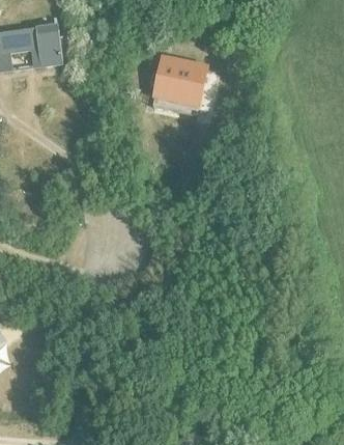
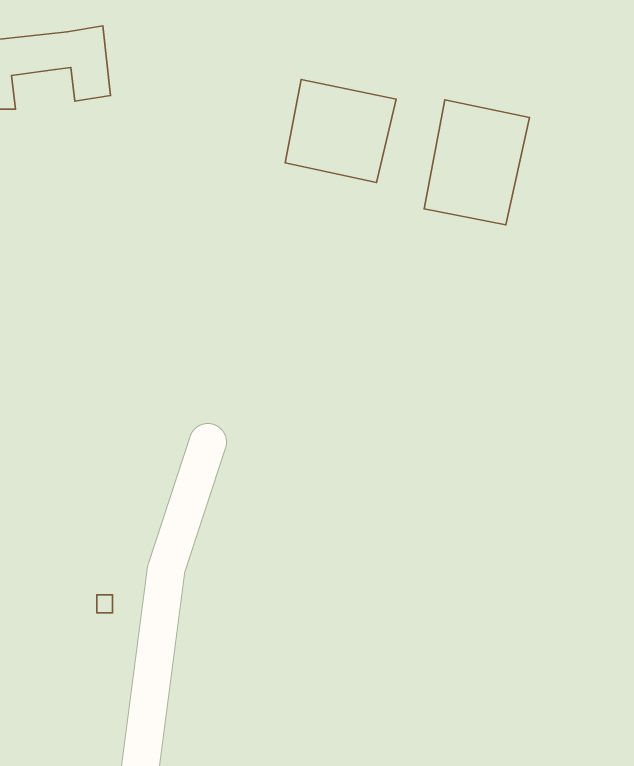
building: none -> [424,100,530,225]

